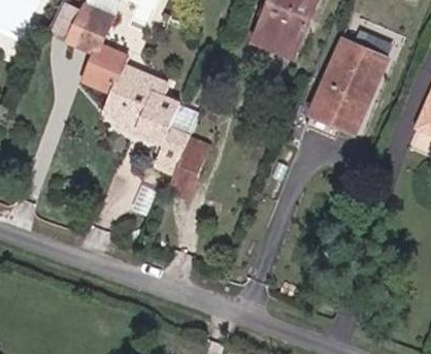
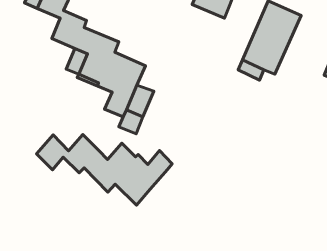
building: none -> [36,135,172,205]

